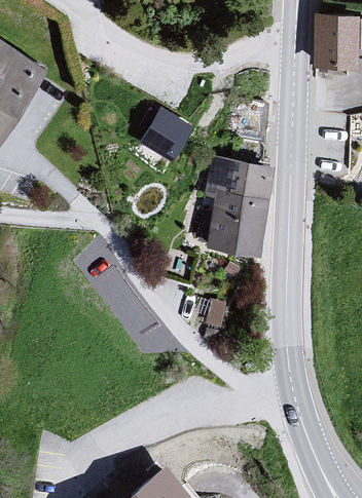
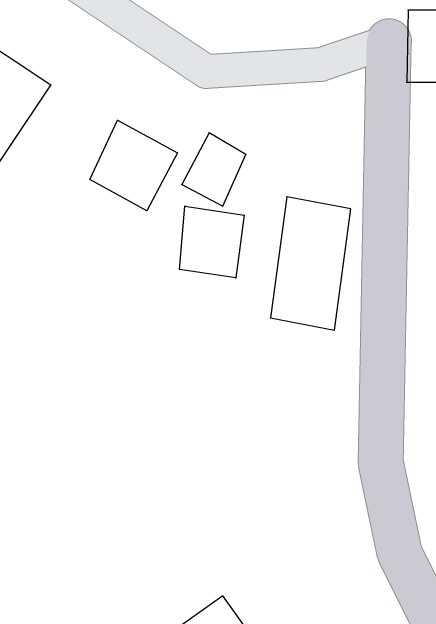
building: none -> [90,120,177,211]
building: none -> [179,206,244,278]

